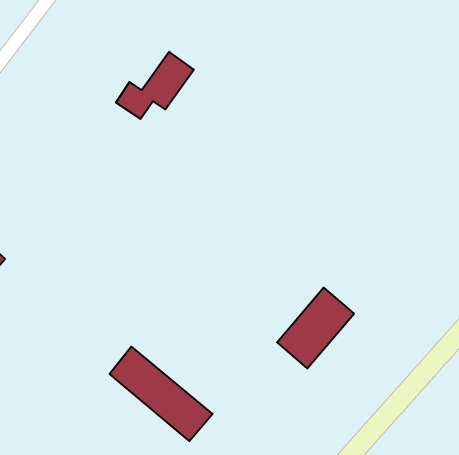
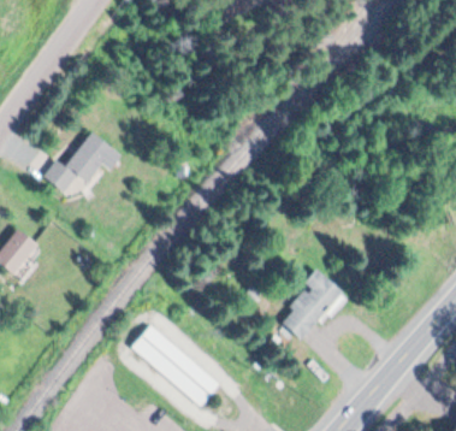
building: [116,52,194,119] -> [45,132,113,191]

